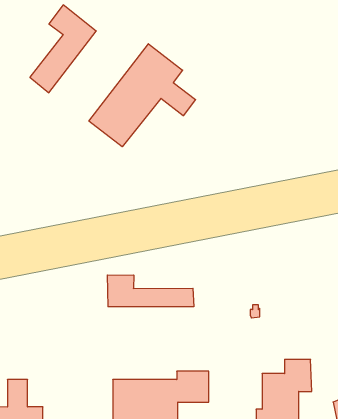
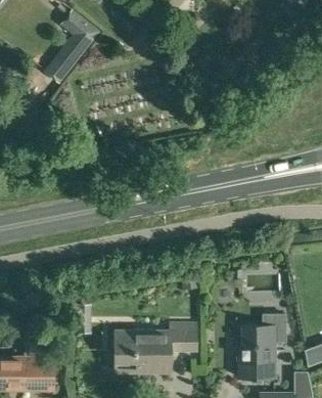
building: [89,44,196,147] -> none
building: [108,275,194,307] -> none

